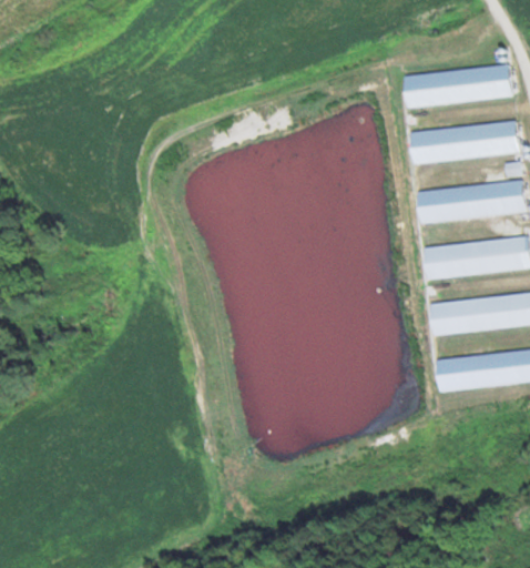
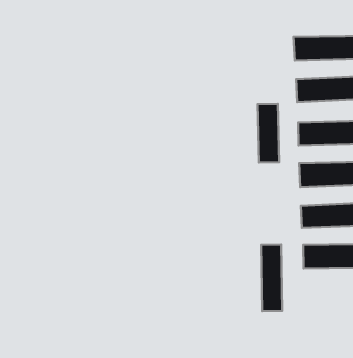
building: none -> [257,104,279,163]
building: none -> [261,244,282,311]

